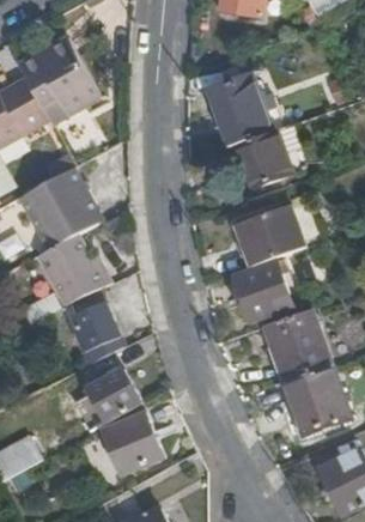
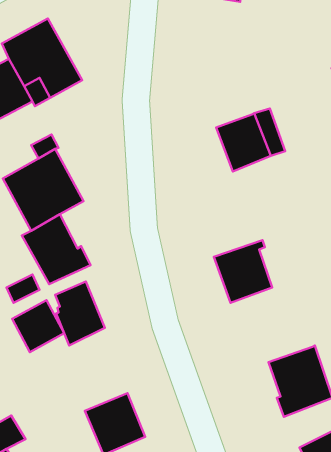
building: [208,75,275,148] -> none
building: [236,207,304,269] -> none
building: [264,310,331,384] -> none
building: [87,370,140,423] -> [12,300,64,352]

